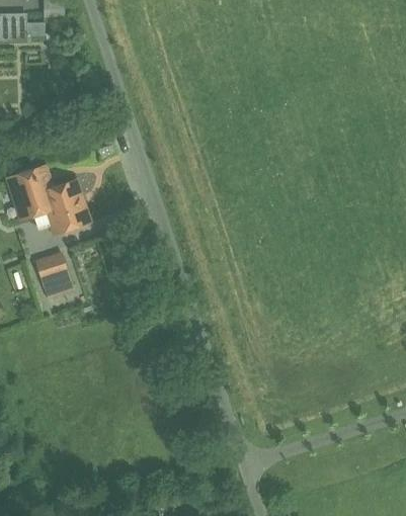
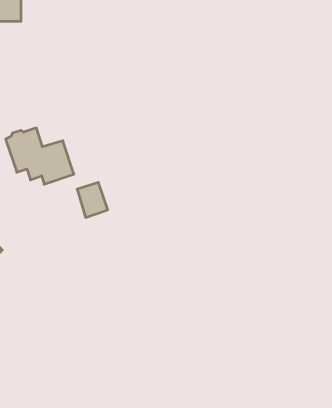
building: [36,253,73,294] -> [77,182,108,217]

